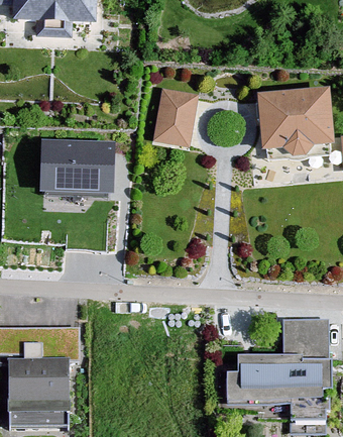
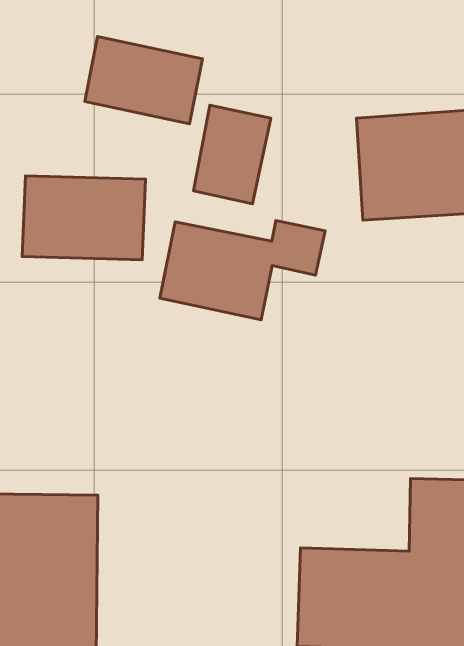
building: none -> [85,37,202,124]
building: none -> [160,220,325,320]

